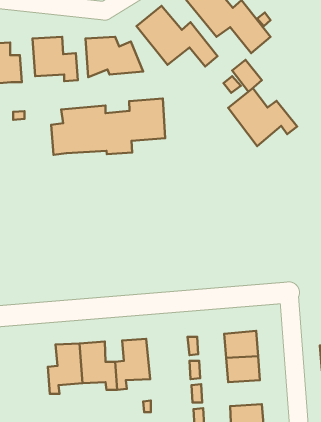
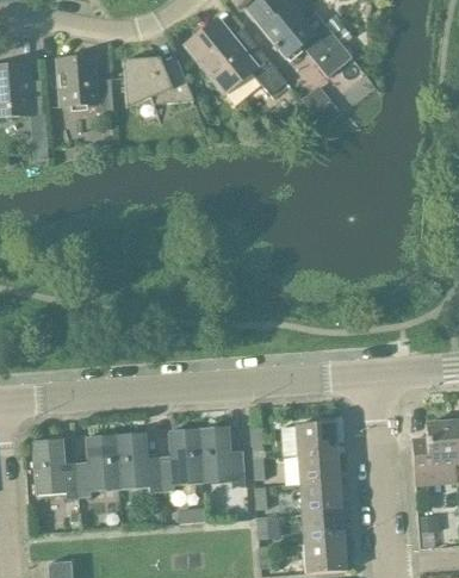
building: [228,88,297,146] -> none
building: [51,99,165,155] -> none
building: none -> [198,428,244,487]
building: none -> [32,439,79,499]
building: none -> [299,481,341,514]

